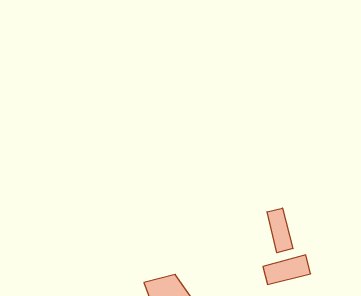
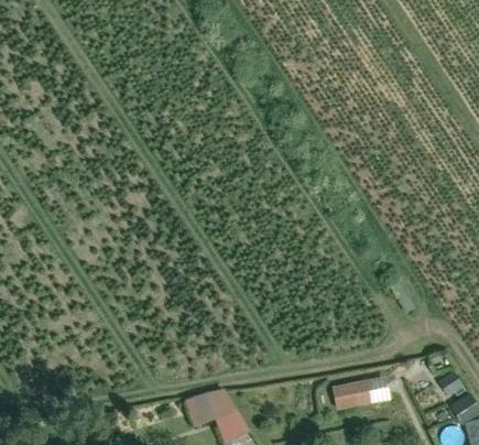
building: [267,208,293,253] -> none

